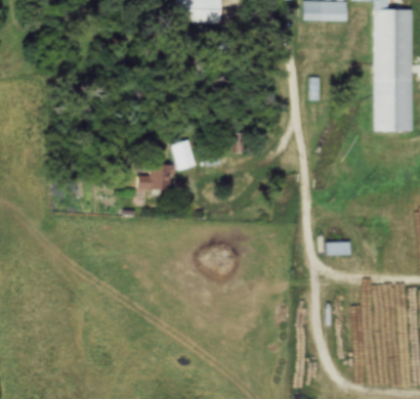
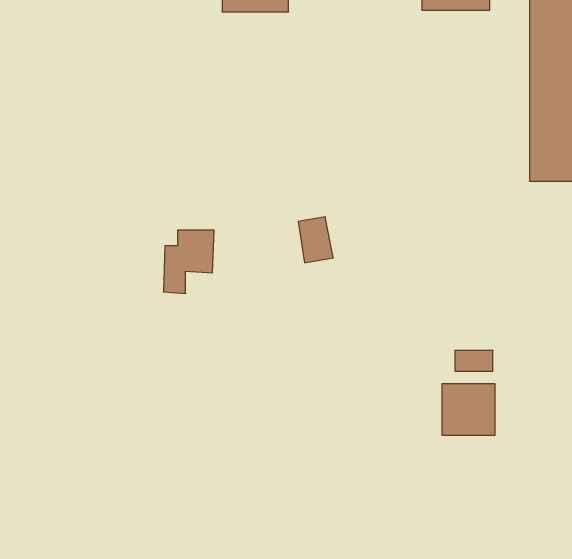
building: [173,138,196,168] -> [298,217,333,263]
building: none -> [442,384,495,435]

